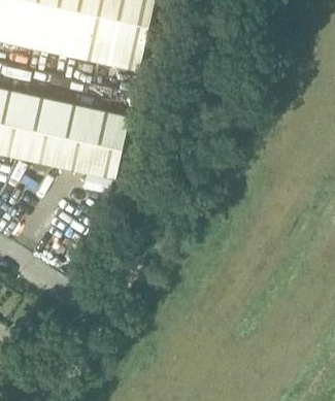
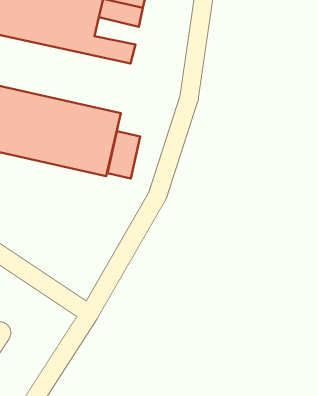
building: [102,24,145,51] -> none
building: none -> [107,131,140,179]

